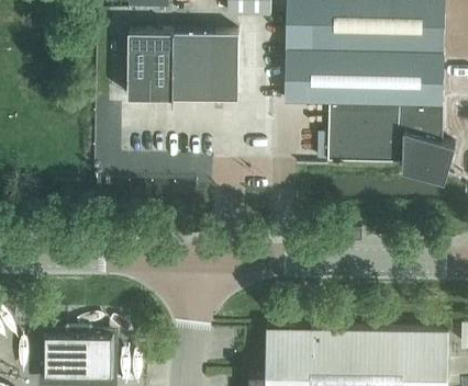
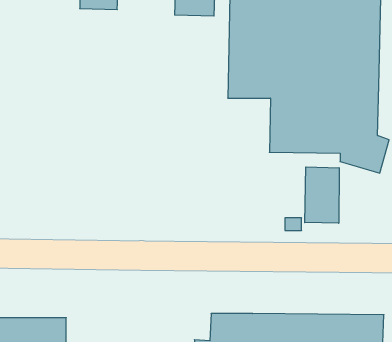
building: [126,33,238,101] -> none
building: none -> [305,167,339,223]

